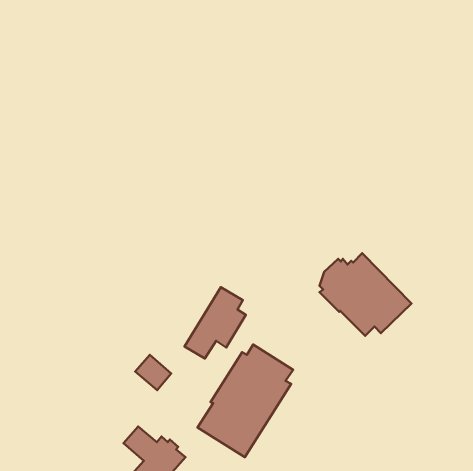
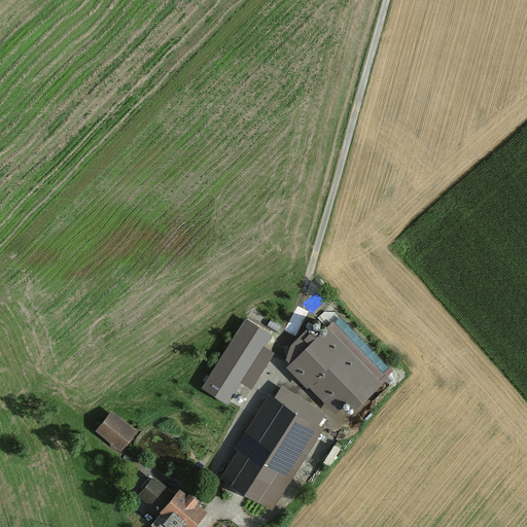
building: [320,253,411,336] -> [285,324,387,416]
building: [135,355,171,390] -> [95,413,135,452]

